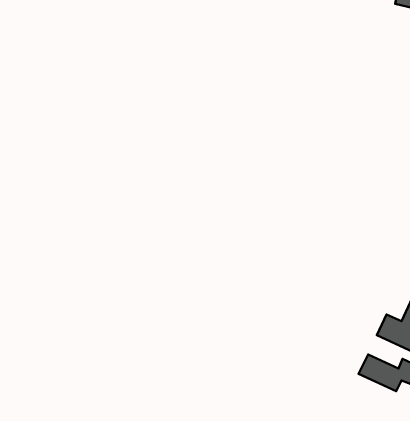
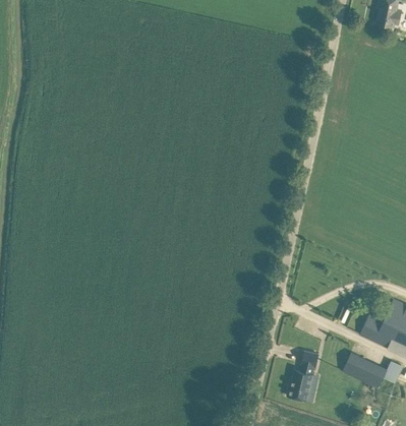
building: none -> [289,351,322,401]

